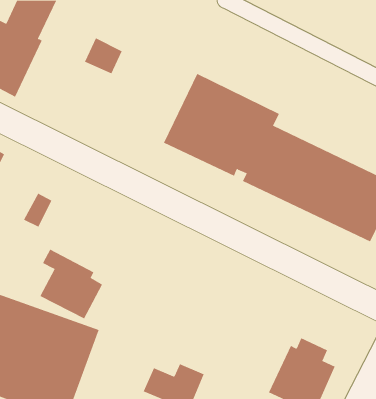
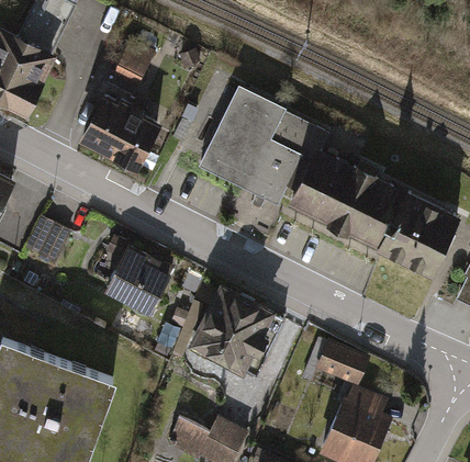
building: none -> [79,93,160,172]
building: none -> [189,286,282,379]
building: [39,249,103,319] -> [99,236,171,316]
building: none -> [318,345,367,384]

